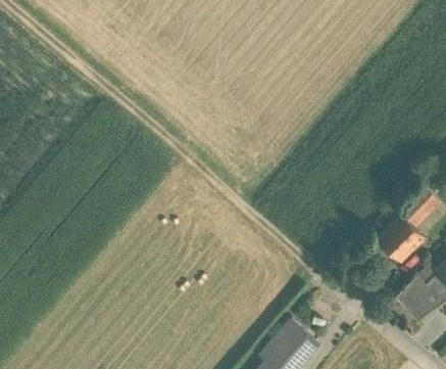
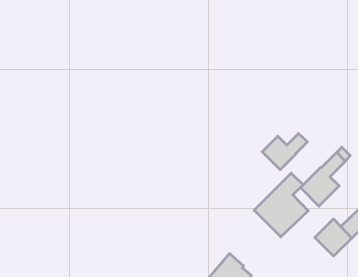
building: none -> [262,133,307,170]
building: none -> [254,173,308,237]

